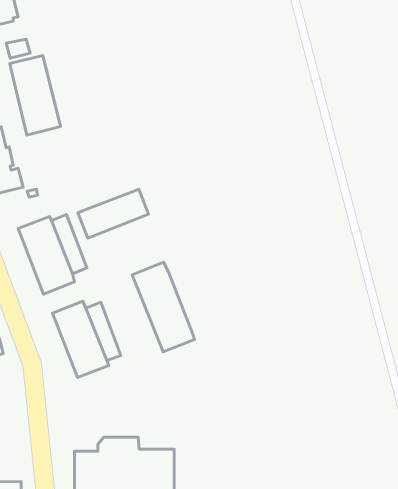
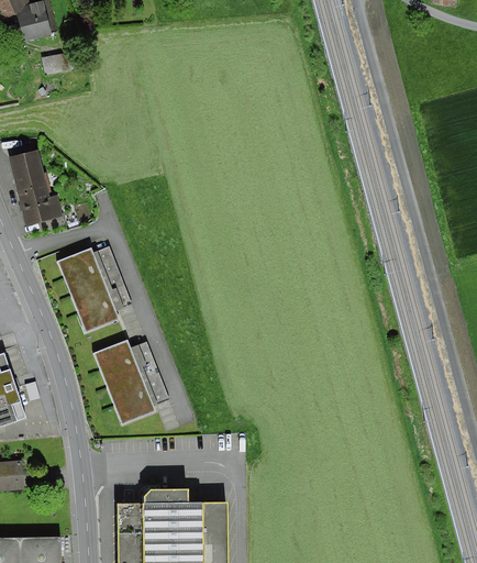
building: [10,55,60,135] -> none
building: [78,189,149,238] -> none
building: [132,262,195,352] -> none

